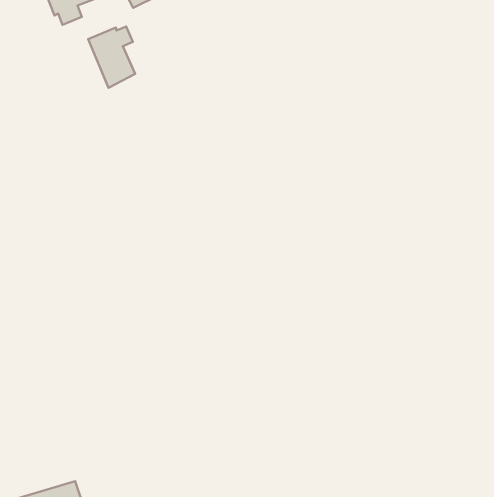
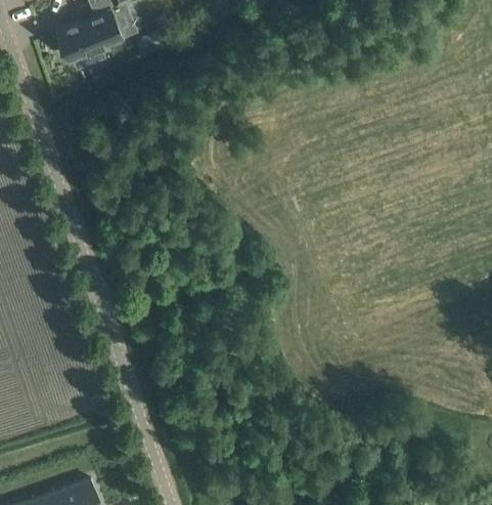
building: [88,26,135,88] -> none

